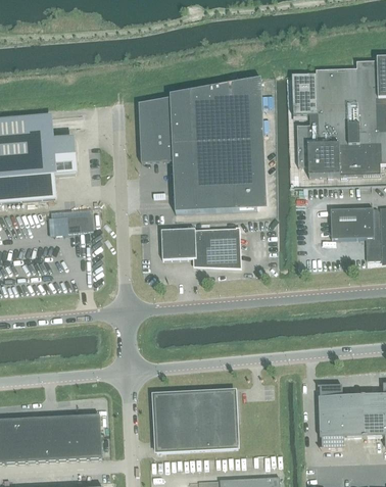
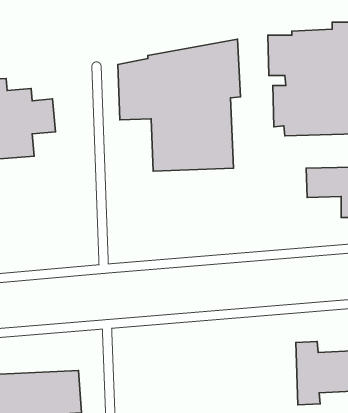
building: [55,214,89,233] -> none
building: [161,226,240,264] -> none
building: [154,389,239,450] -> none

